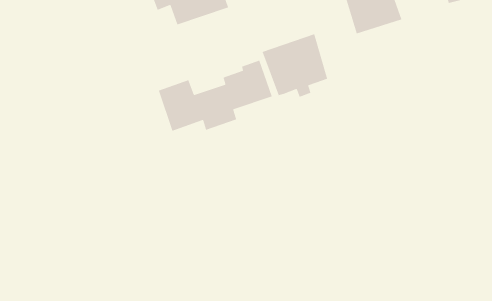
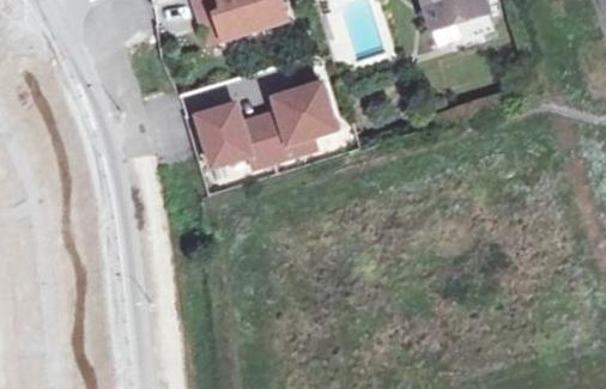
building: [261,33,328,98] -> none

